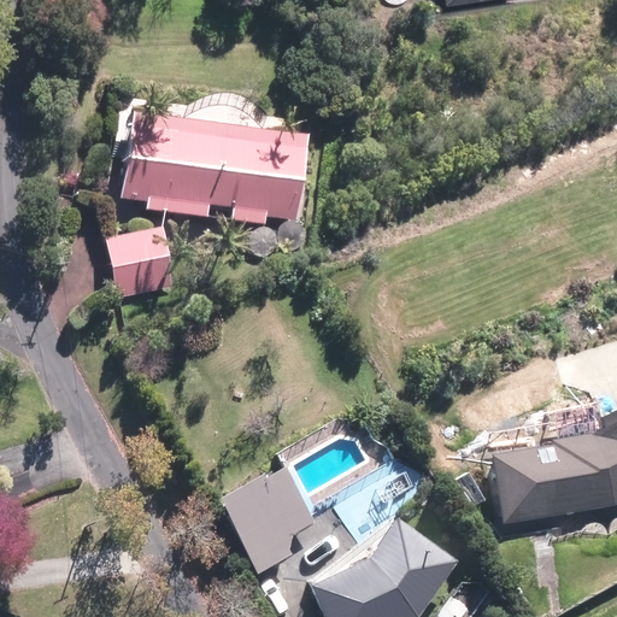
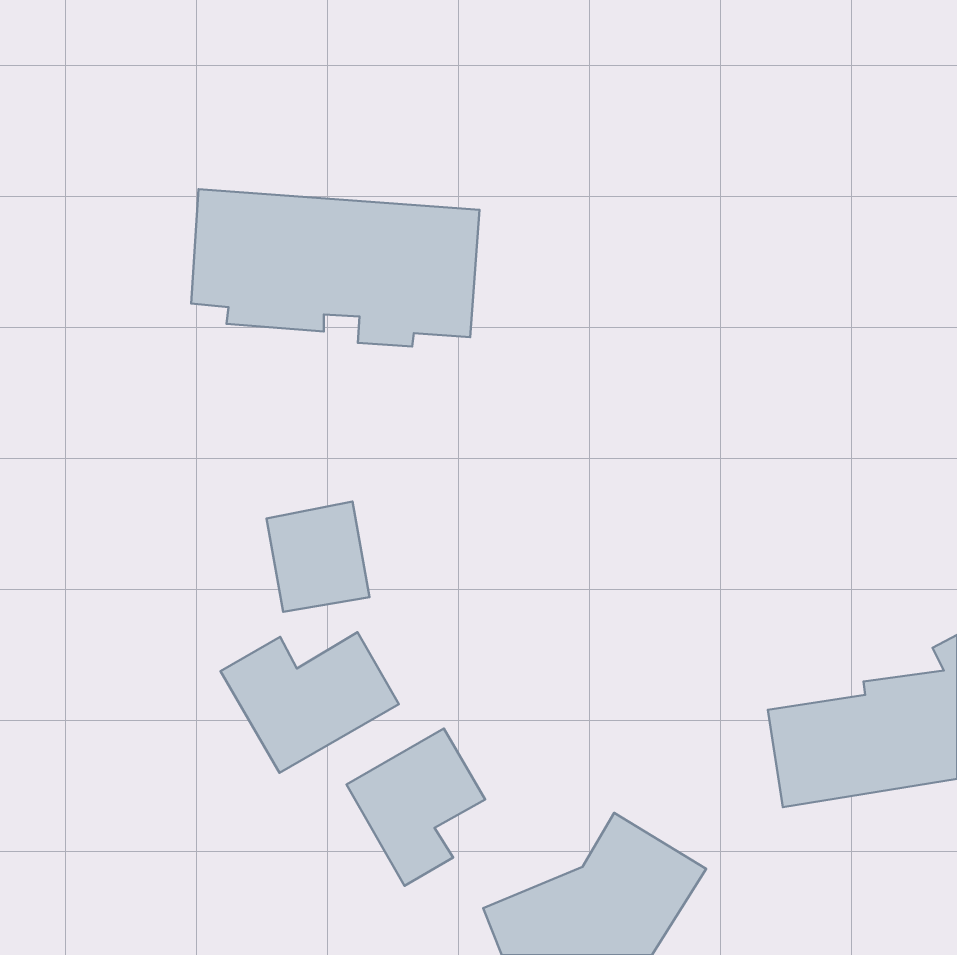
building: [108,227,175,298] -> [266,502,369,612]
building: none -> [221,632,399,773]

